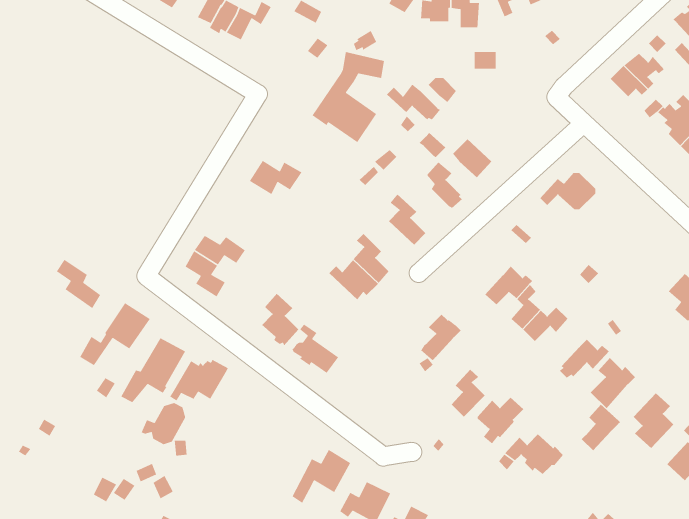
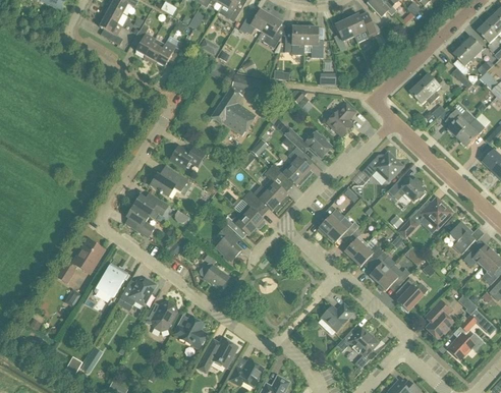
building: [386,84,441,120] -> [268,161,304,185]
building: none -> [326,103,353,135]
building: none -> [150,171,188,195]
building: none -> [387,178,424,201]
building: none -> [245,185,281,211]
building: none -> [396,199,450,239]
building: [56,259,101,309] -> none
building: [261,293,299,346] -> [215,226,240,262]
building: [420,314,462,361] -> [316,206,343,237]
building: [451,369,485,418] -> none
building: [140,402,186,445] -> [146,302,176,331]
building: [581,404,621,451] -> [369,251,395,283]
building: none -> [174,317,206,346]

